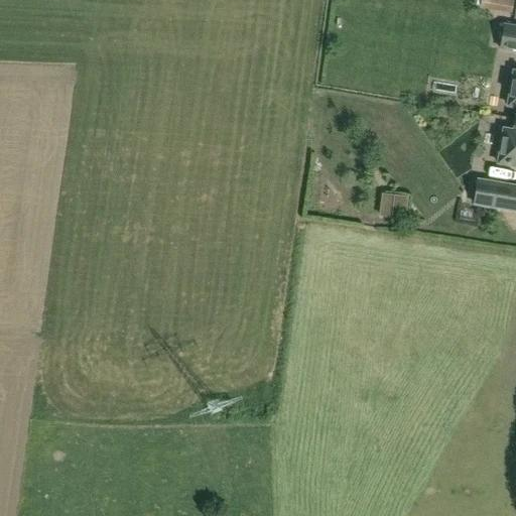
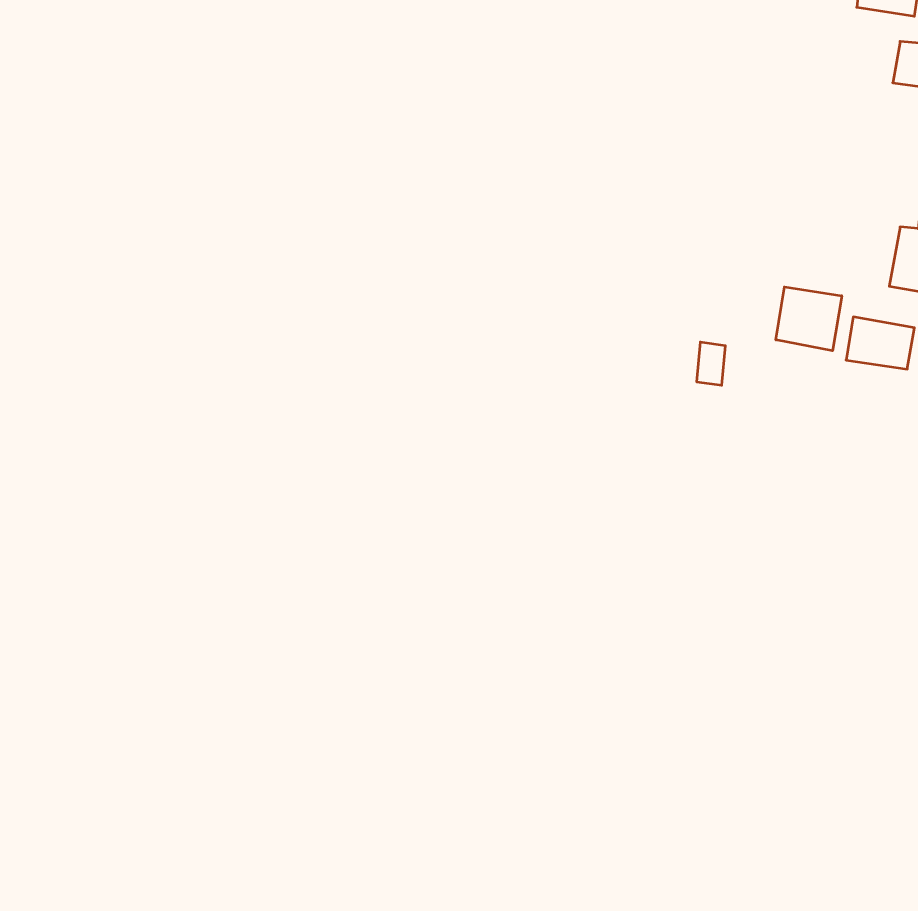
building: none -> [776,287,842,351]

